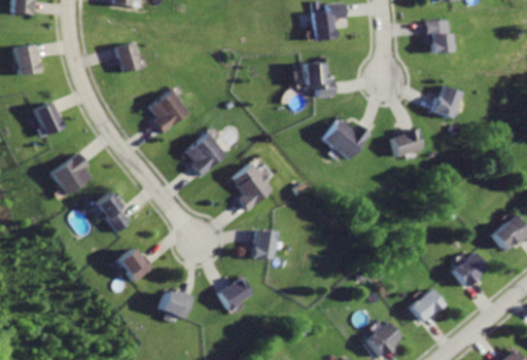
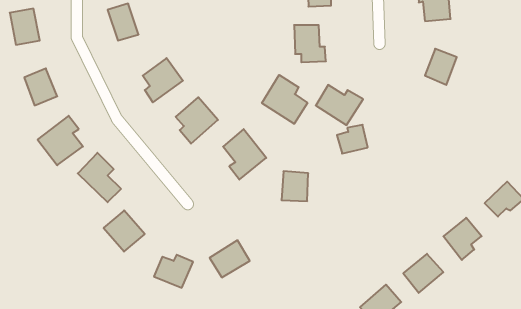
building: none -> [262,75,307,124]
building: [389,127,420,155] -> [337,125,368,154]
building: [249,229,276,259] -> [281,171,308,201]

